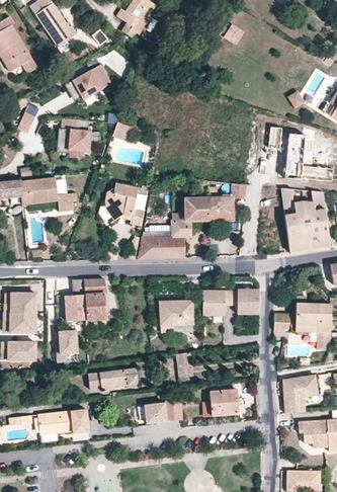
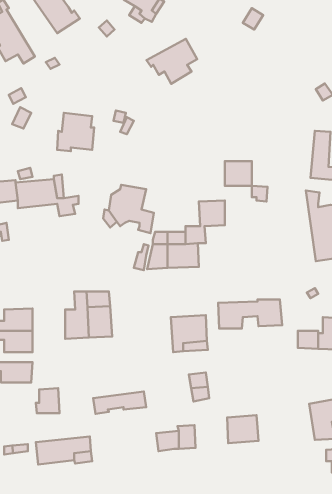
building: [65,65,110,105] -> [147,39,197,84]
building: [207,196,232,219] -> [225,161,252,186]
building: [56,330,77,352] -> [36,388,59,413]

